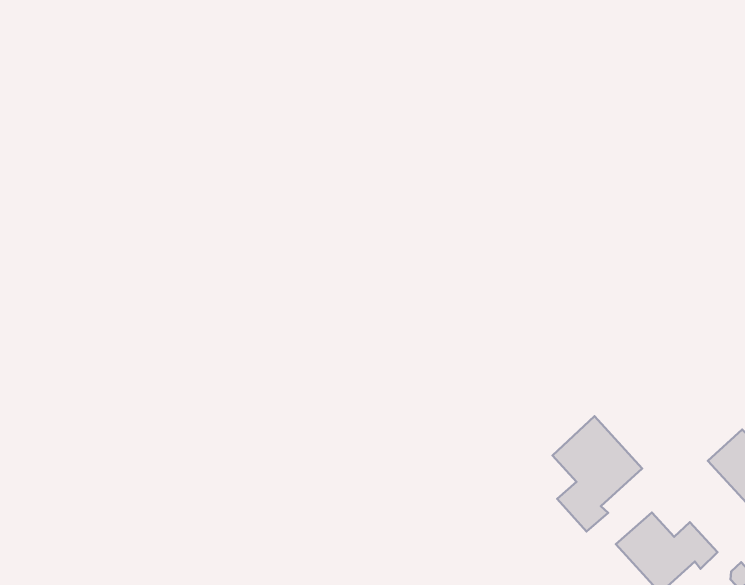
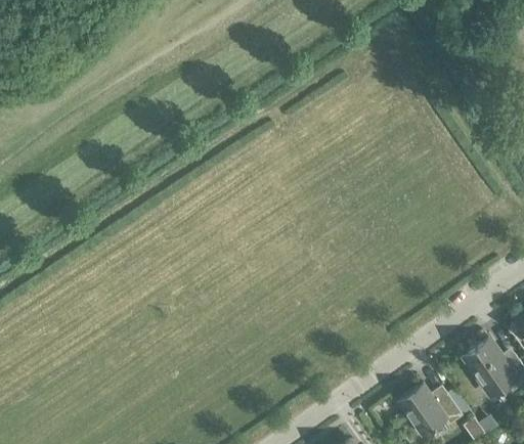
building: [553,416,642,532] -> none

